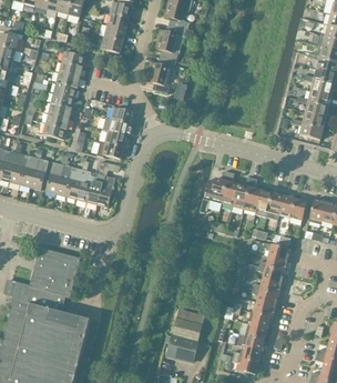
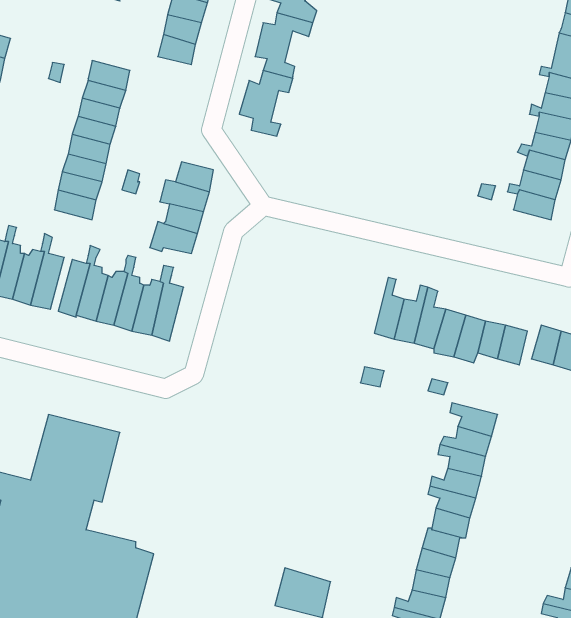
building: [203,170,228,202] -> none
building: [171,308,203,341] -> none

